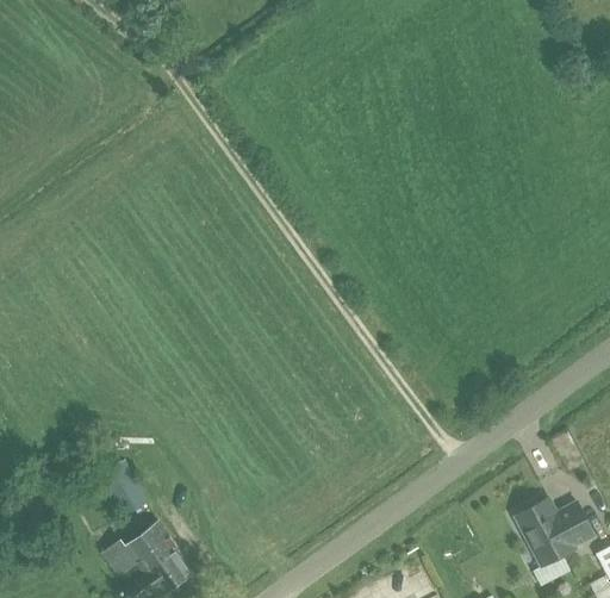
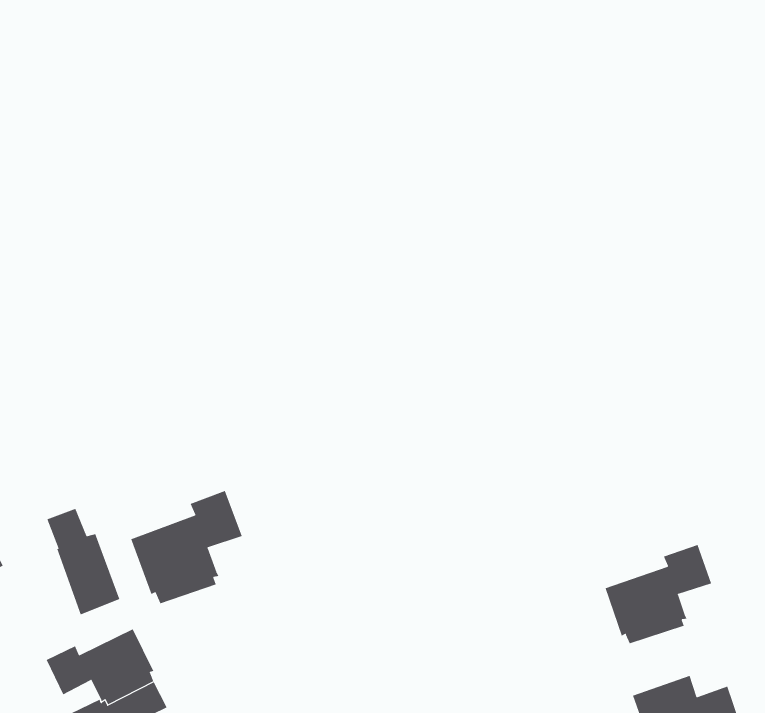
building: none -> [605,544,712,644]
building: none -> [131,490,242,604]

